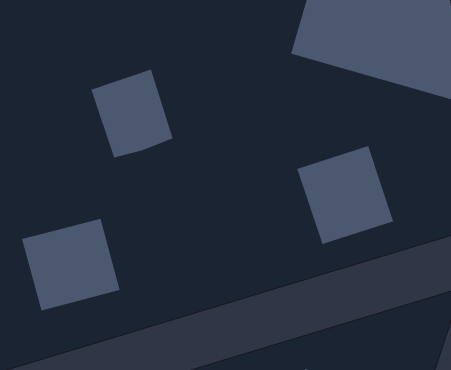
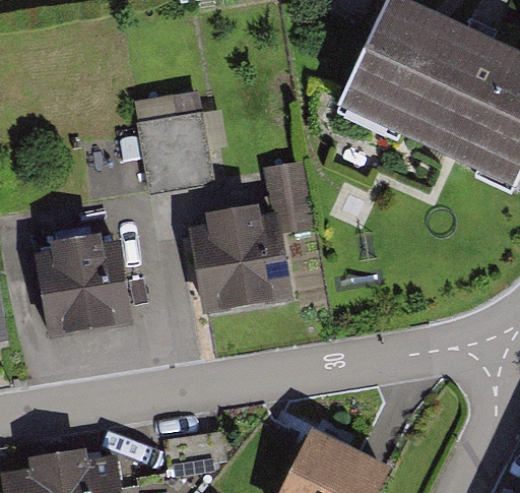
building: [297,145,394,245] -> none
building: none -> [188,209,292,318]

